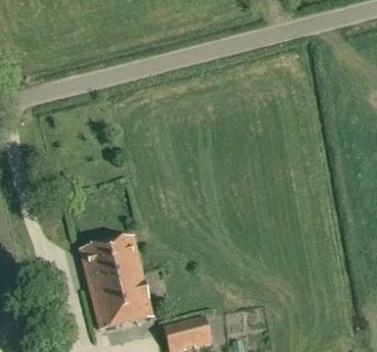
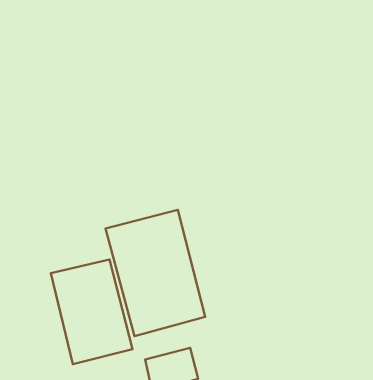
building: none -> [106,210,205,336]

